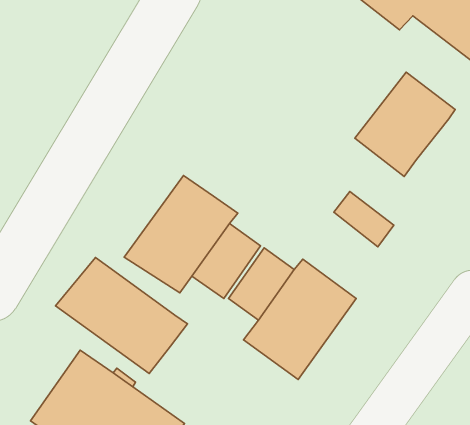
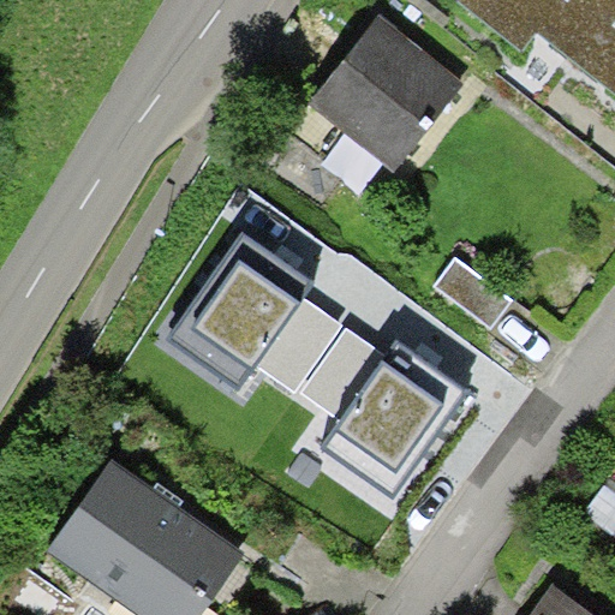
building: none -> [310,17,465,173]
building: [355,72,455,176] -> none
building: [55,257,188,374] -> none

